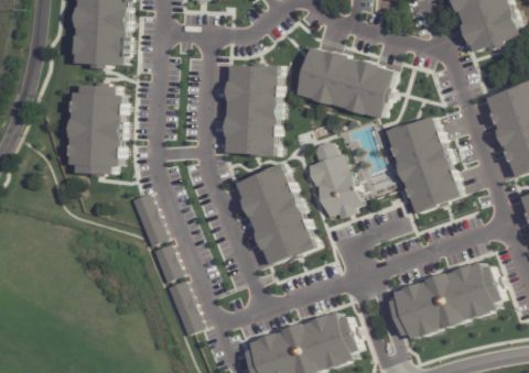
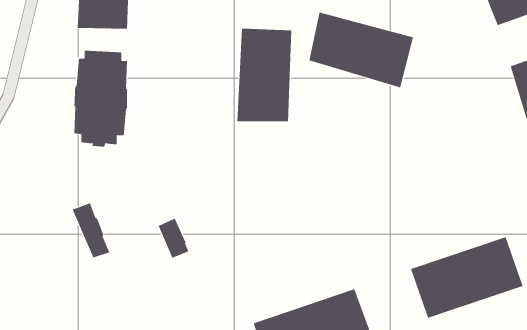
building: [384,117,457,215] -> none
building: [301,139,355,215] -> none
building: [238,163,315,261] -> none
building: [129,191,165,244] -> [72,203,110,258]
building: [165,278,202,333] -> none

